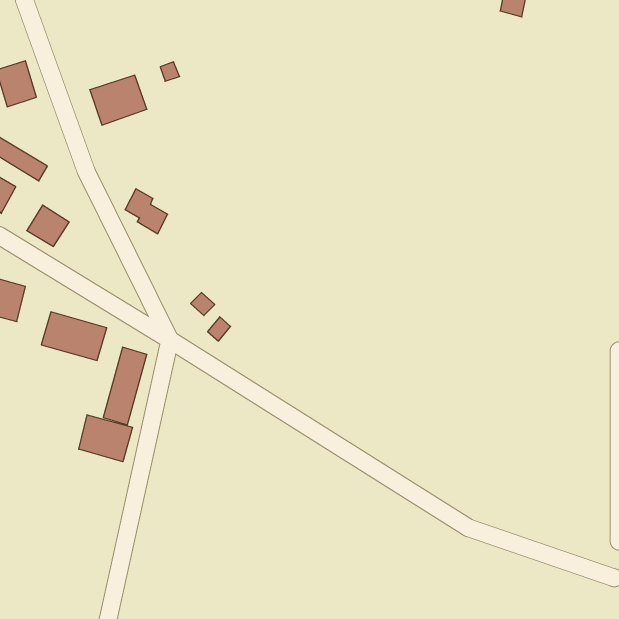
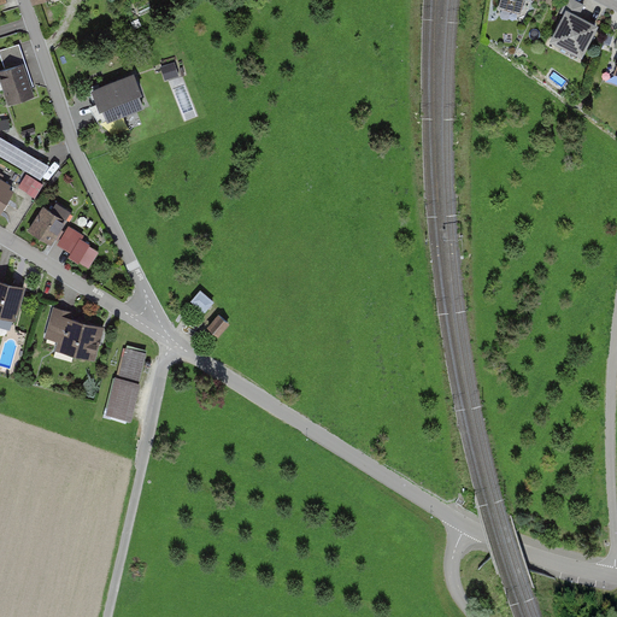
building: none -> [551,10,597,57]
building: [125,189,168,234] -> [58,222,100,266]
building: [79,415,133,462] -> none

